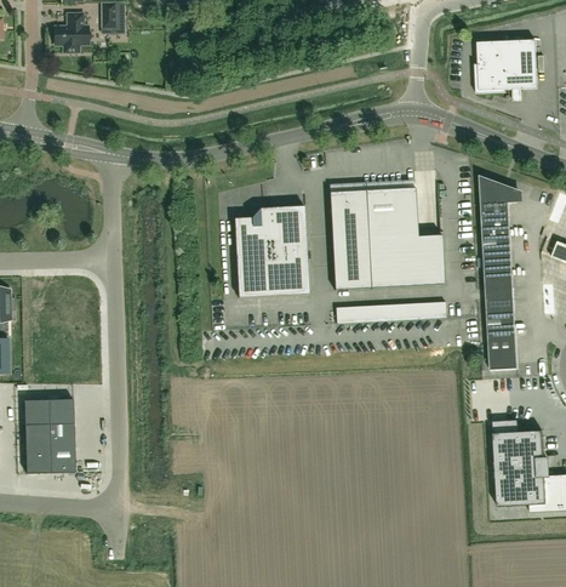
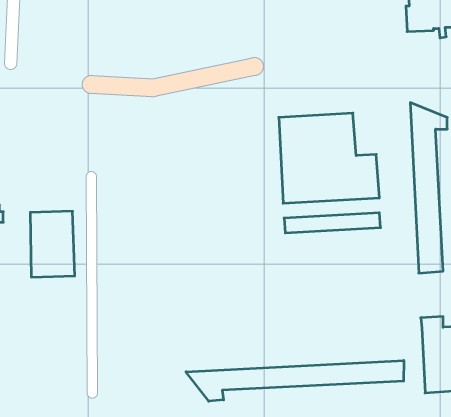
building: [234,204,309,296] -> none
building: [24,397,75,472] -> [30,211,75,277]
building: none -> [186,360,404,401]

